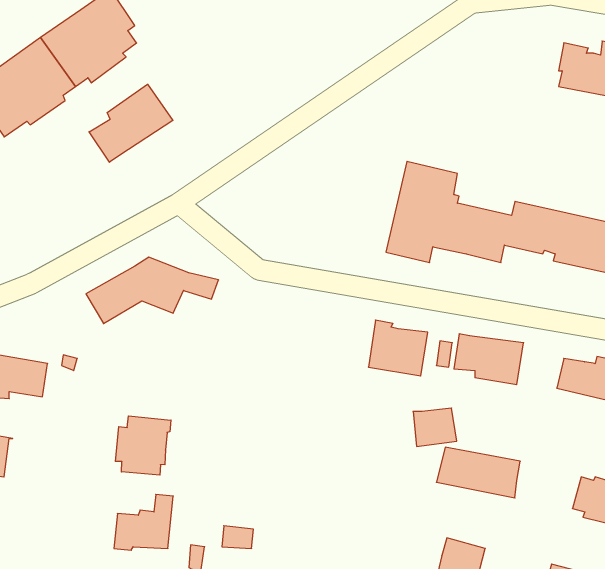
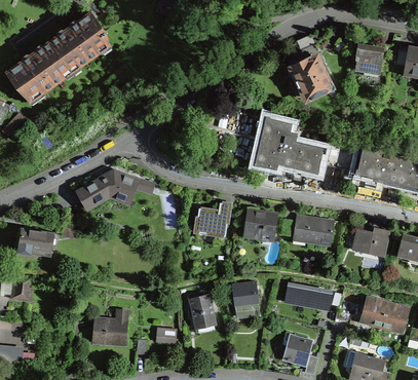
building: none -> [291,35,332,100]
building: [89,84,173,162] -> none
building: none -> [195,203,229,236]
building: [413,408,457,446] -> [232,283,258,306]
building: [115,416,171,475] -> none
building: none -> [188,293,215,329]

